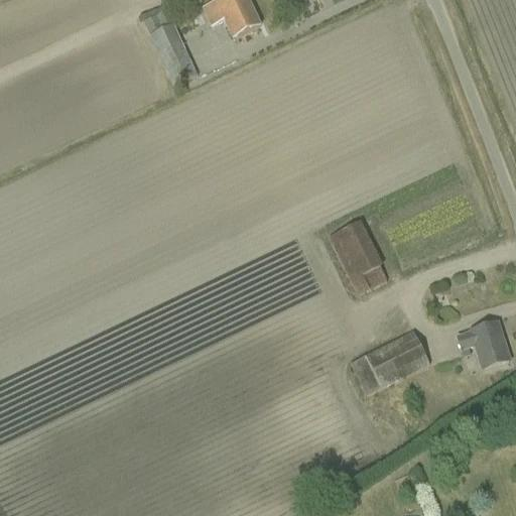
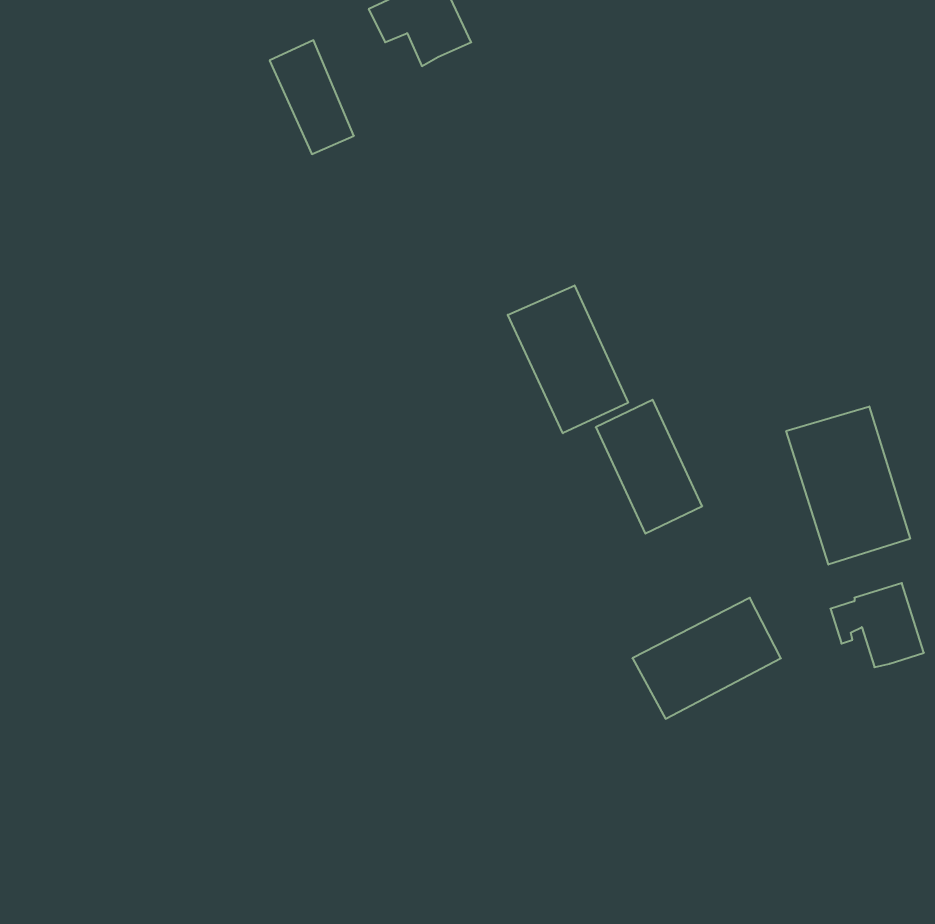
building: none -> [508,285,628,433]
building: none -> [786,406,910,565]

